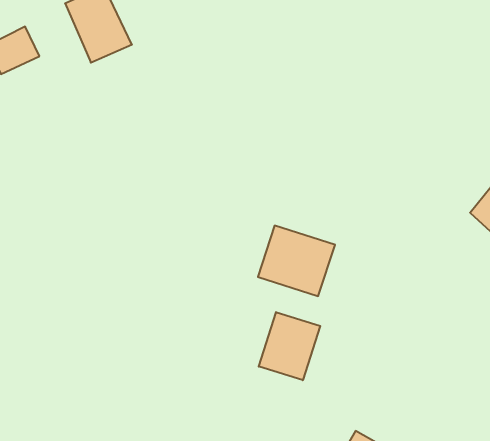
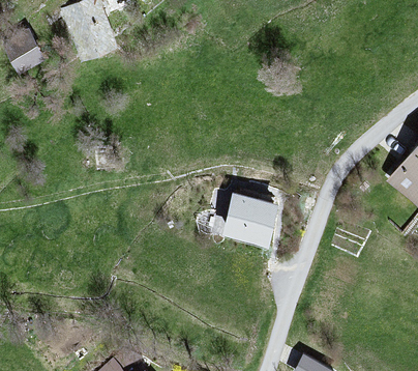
building: [259,312,320,380] -> none

